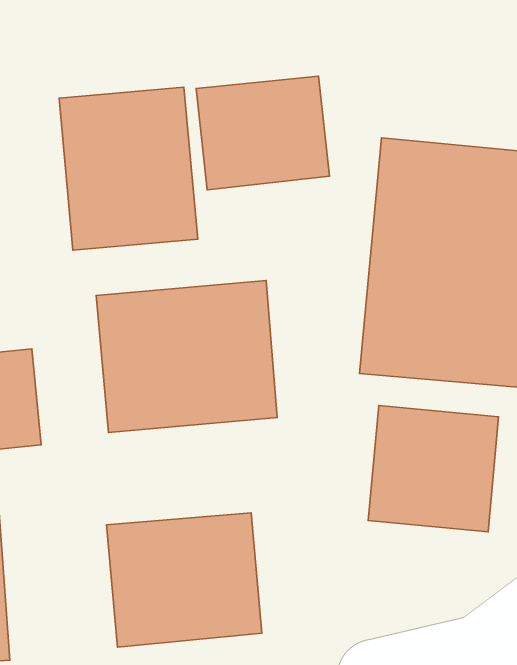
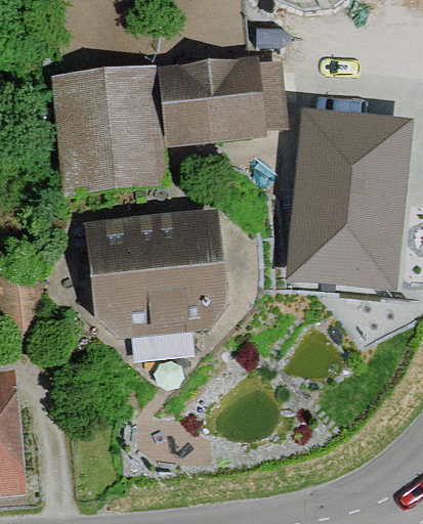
building: [368,406,499,532] -> none
building: [107,513,262,647] -> none

